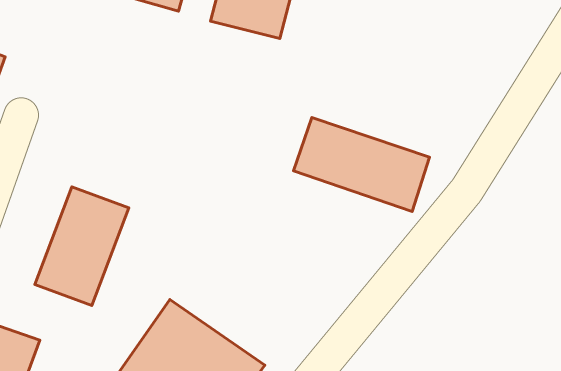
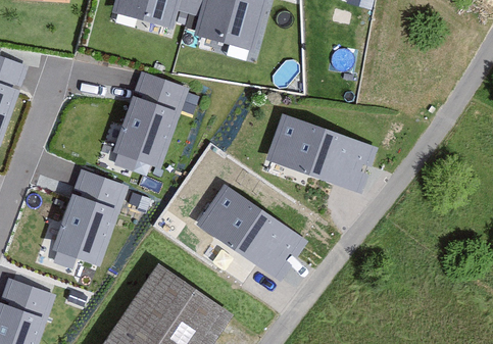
building: none -> [112,70,189,166]
building: none -> [194,185,302,281]

